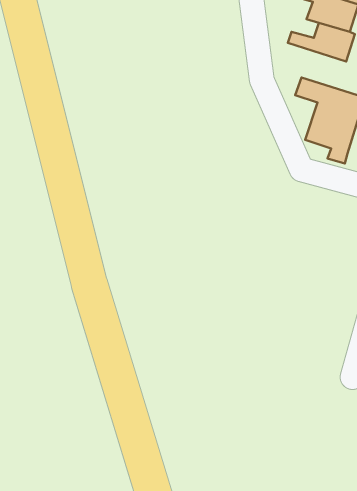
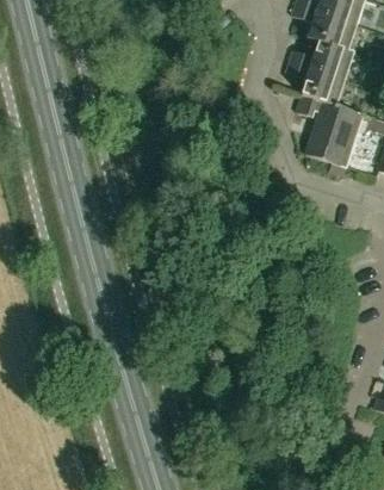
building: none -> [286,58,346,103]

